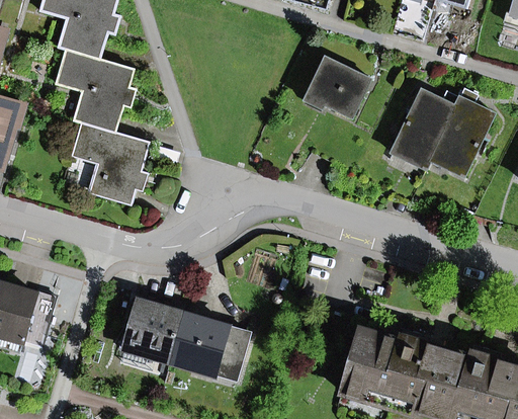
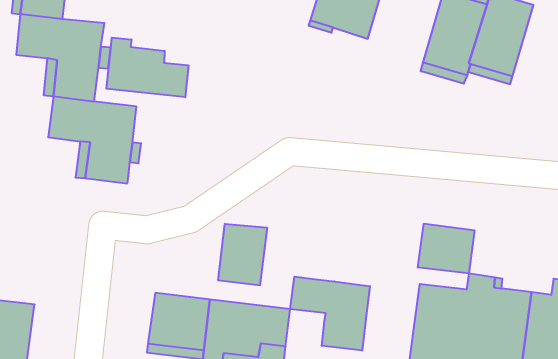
building: none -> [106,38,188,97]
building: none -> [218,224,267,285]
building: none -> [418,224,474,273]
building: none -> [290,277,370,351]

